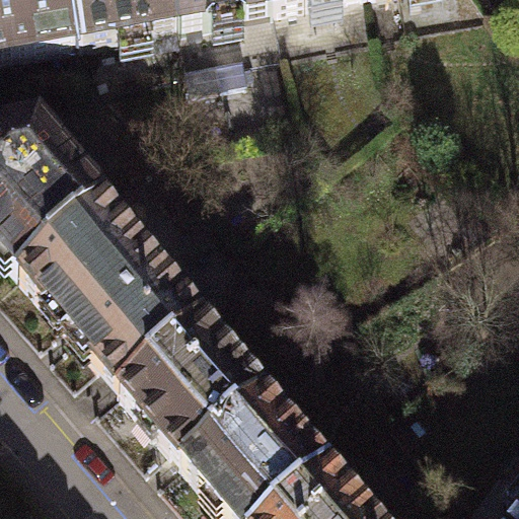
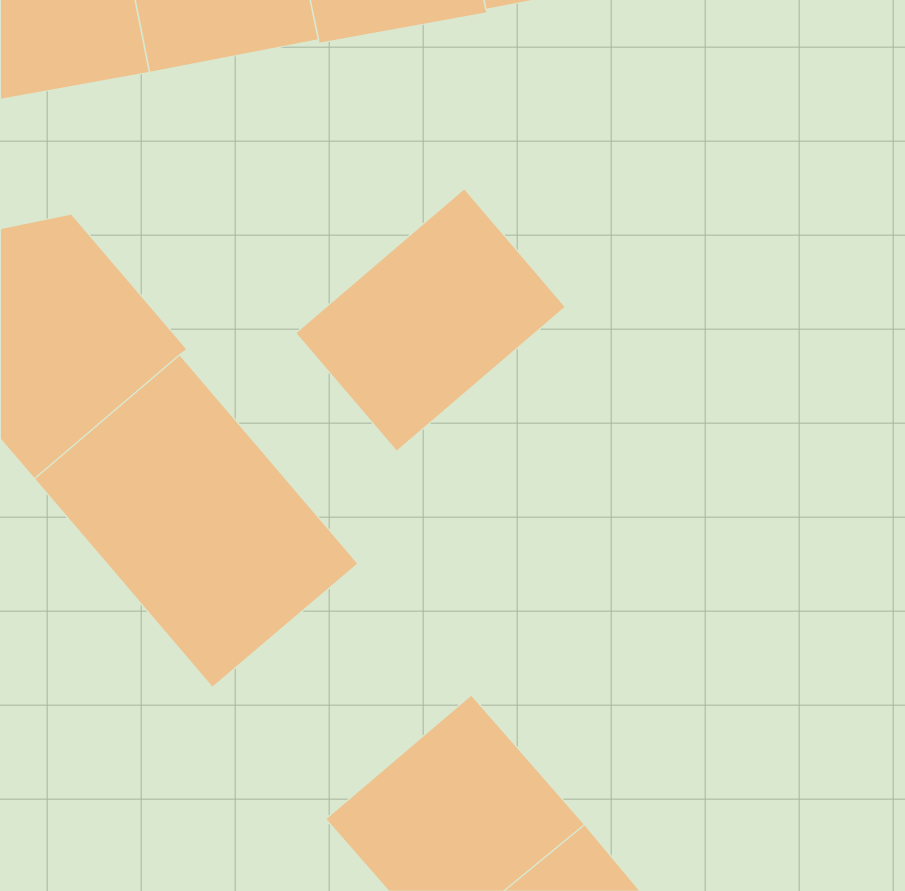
building: none -> [295,189,566,452]
building: [128,317,274,461] -> none

